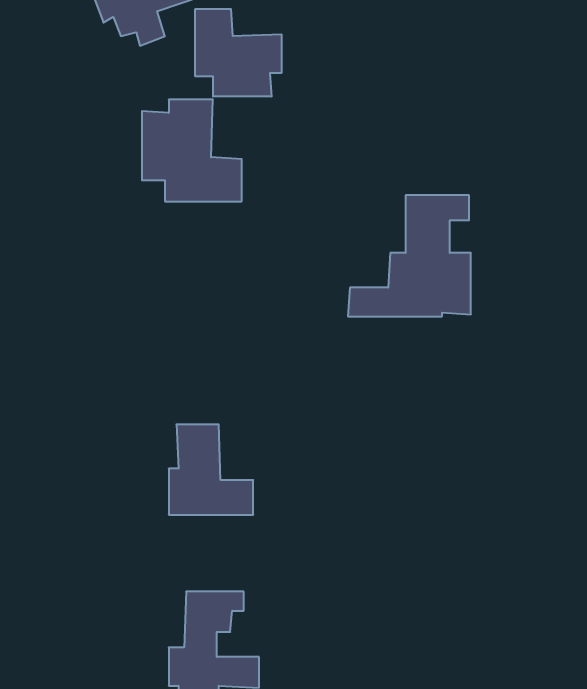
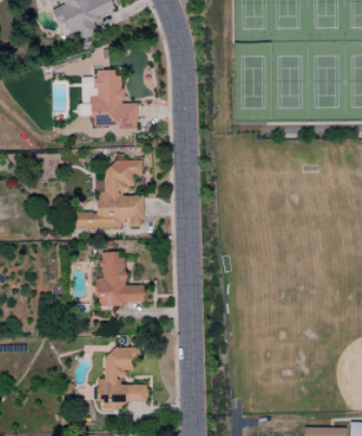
building: [195,9,281,97] -> none
building: [348,195,471,316] -> [75,161,144,229]

